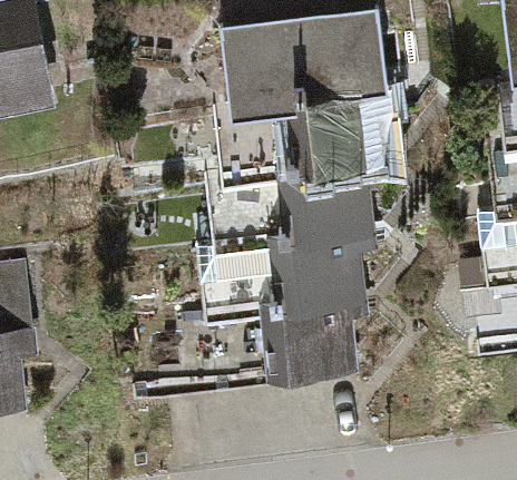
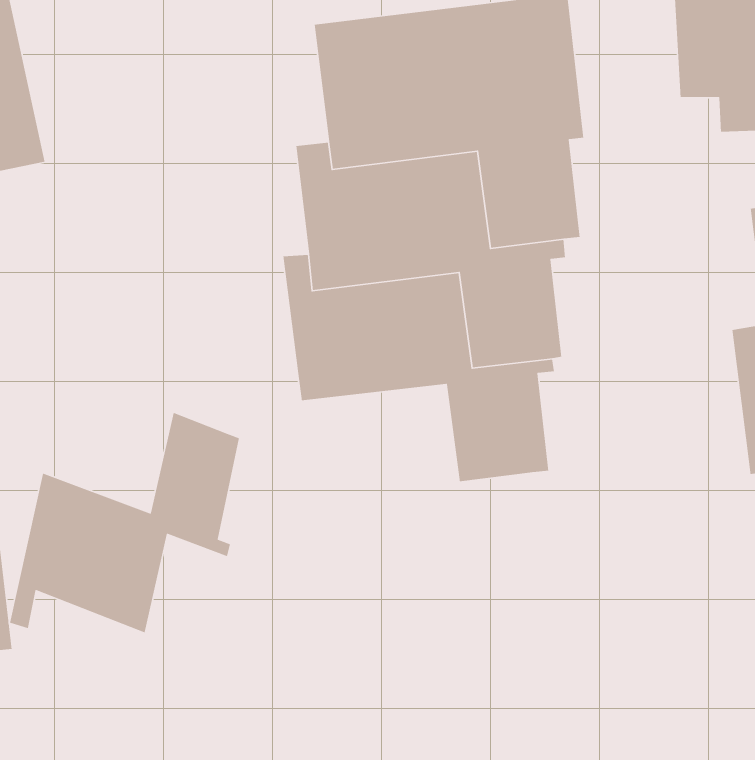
building: [195,241,359,380] -> none
building: none -> [9,412,240,634]

